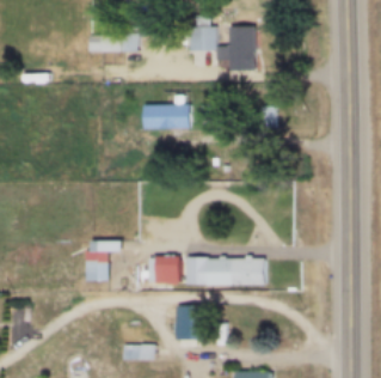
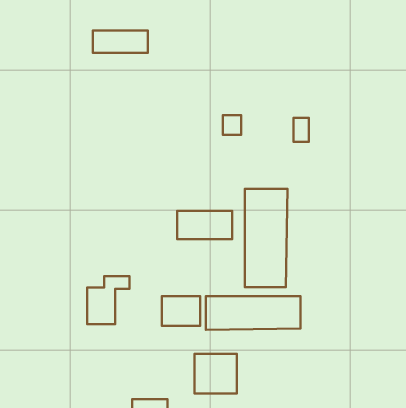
building: [190,16,256,71] -> none
building: [145,105,191,129] -> [177,211,232,239]
building: none -> [245,189,288,287]

